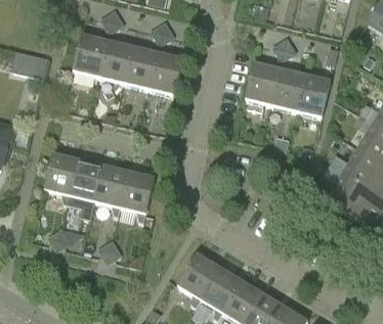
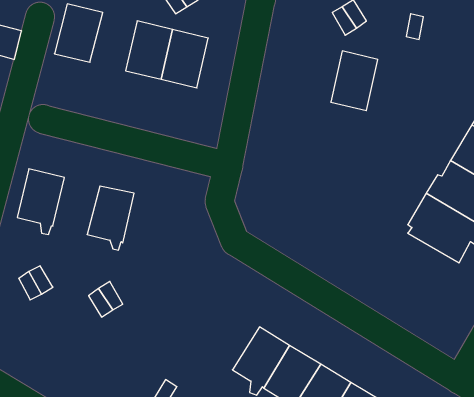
building: [97,42,131,84] -> none
building: [245,63,279,106] -> none
building: [296,76,330,119] -> none
building: [71,160,104,206] -> none
building: [121,172,155,219] -> none
building: [177,253,219,304] -> none

